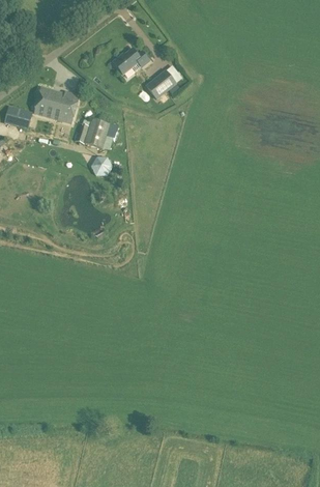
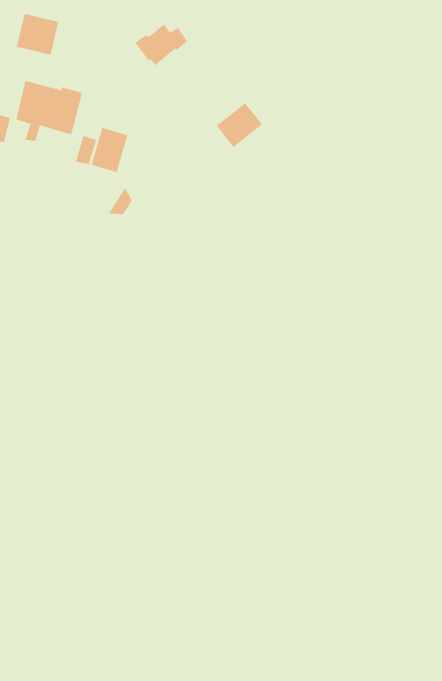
building: none -> [16,13,59,55]
building: [144,68,175,98] -> [216,102,263,148]

